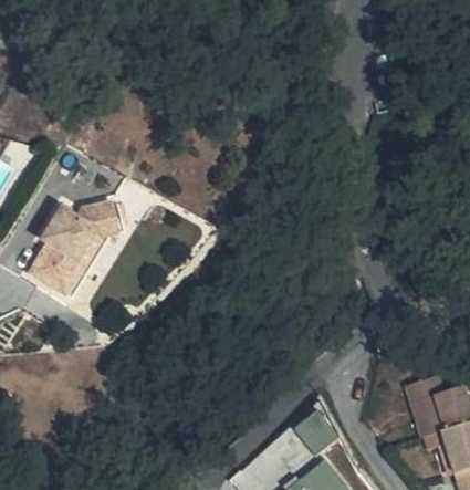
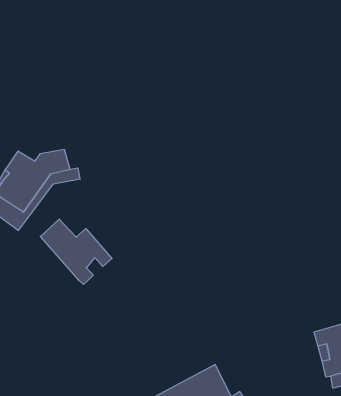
building: none -> [40,219,112,284]
building: [293,409,341,457] -> none

